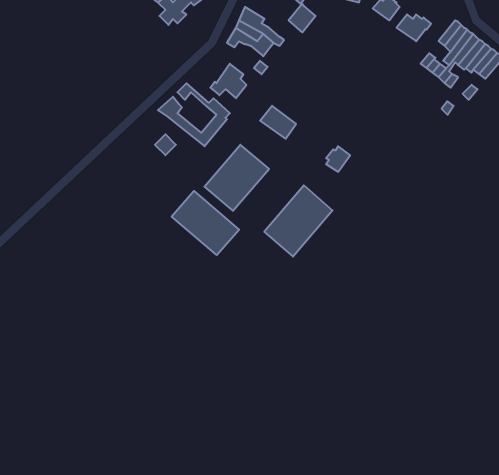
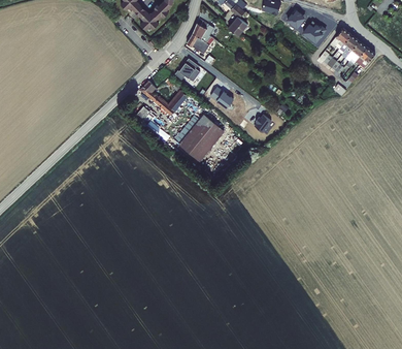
building: [264,185,333,257] -> none
building: [172,191,239,255] -> none

